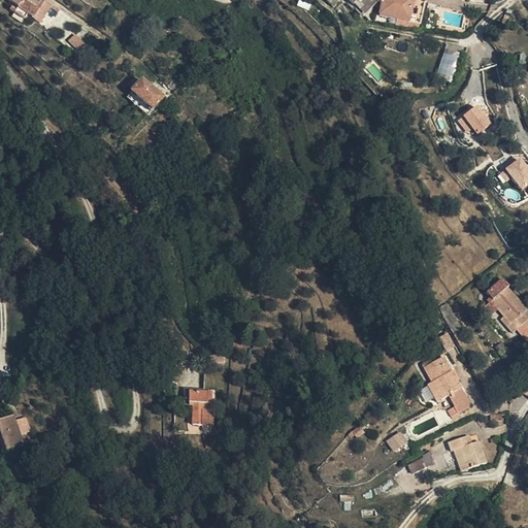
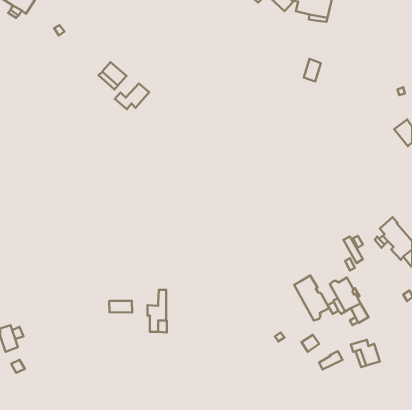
building: [436,47,458,76] -> [304,59,321,82]
building: [456,101,491,131] -> none
building: none -> [115,83,149,109]
building: none -> [294,275,329,320]
building: none -> [109,301,132,312]

